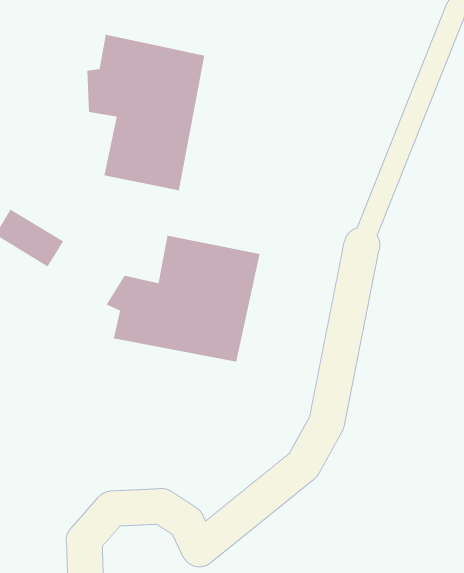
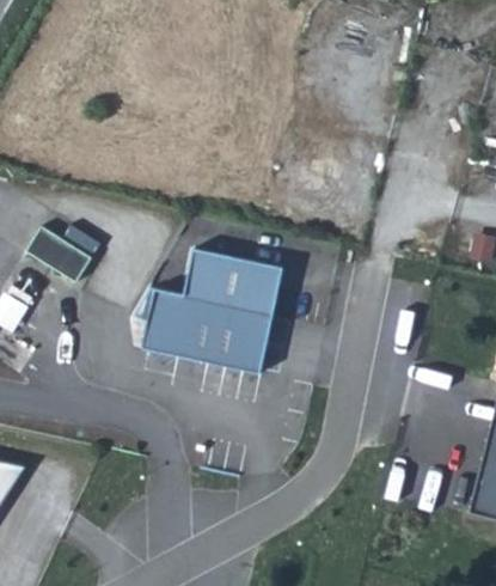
building: [86,34,205,191] -> none

